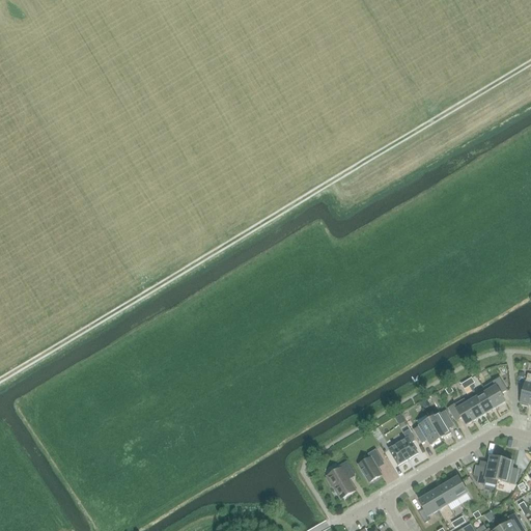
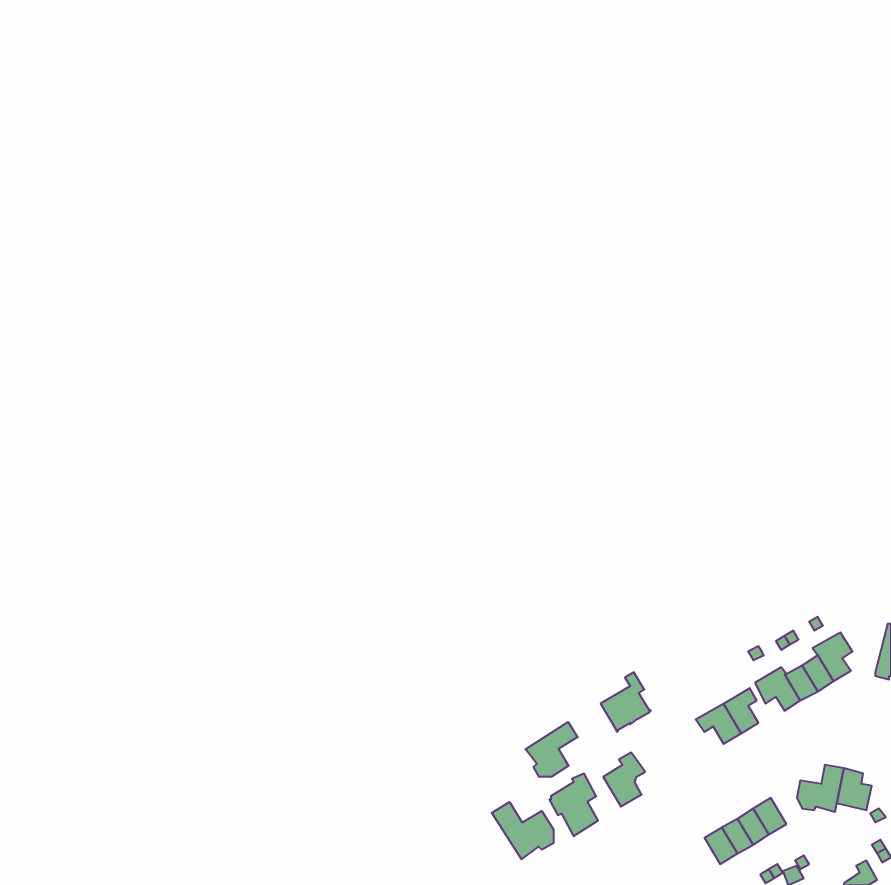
building: [389,428,419,464] -> [601,672,651,731]
building: none -> [525,722,578,777]
building: none -> [492,802,554,859]

